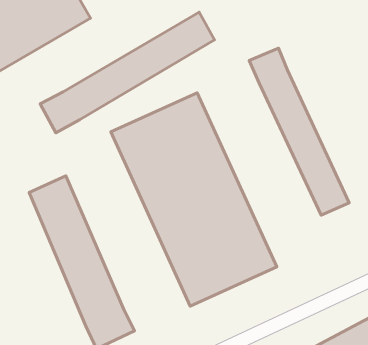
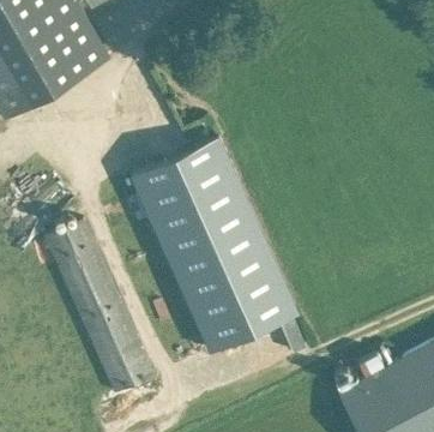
building: [40,12,215,133] -> none
building: [249,48,349,215] -> none

